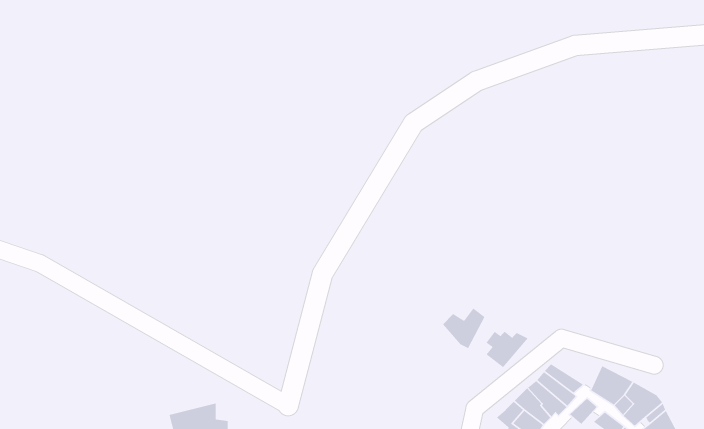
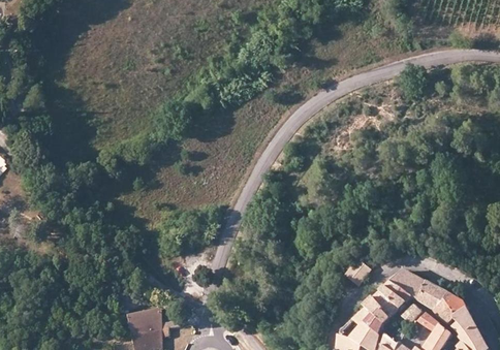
building: [442,307,486,349] -> none
building: none -> [390,268,426,298]

